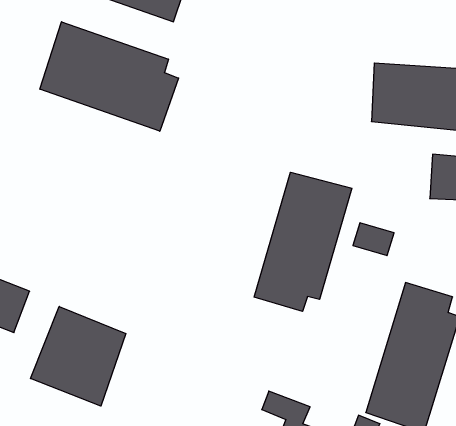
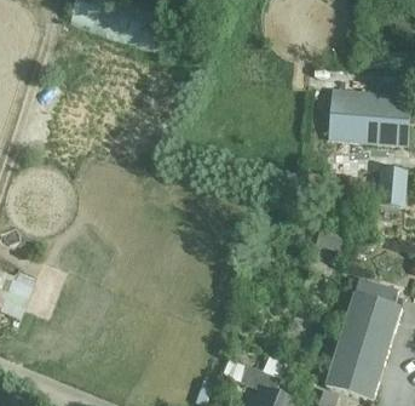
building: [40,22,179,131] -> none
building: [254,172,352,311] -> none
building: [31,306,126,406] -> none

